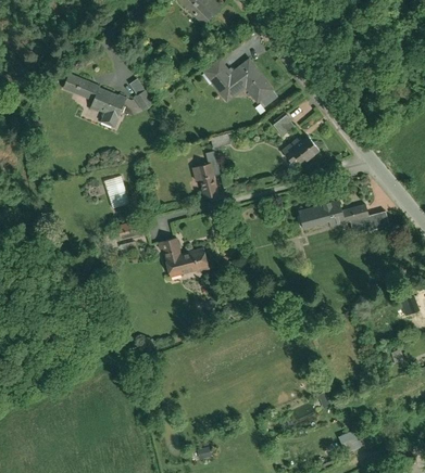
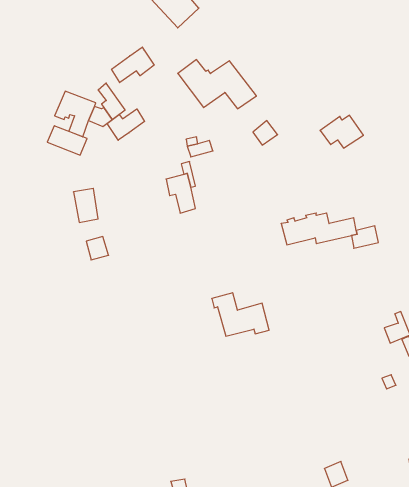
building: none -> [112,47,154,83]
building: [61,75,98,102] -> [47,126,87,155]
building: none -> [107,109,145,140]
building: [279,135,320,165] -> [320,115,363,148]
building: [157,238,210,278] -> [212,293,269,336]

